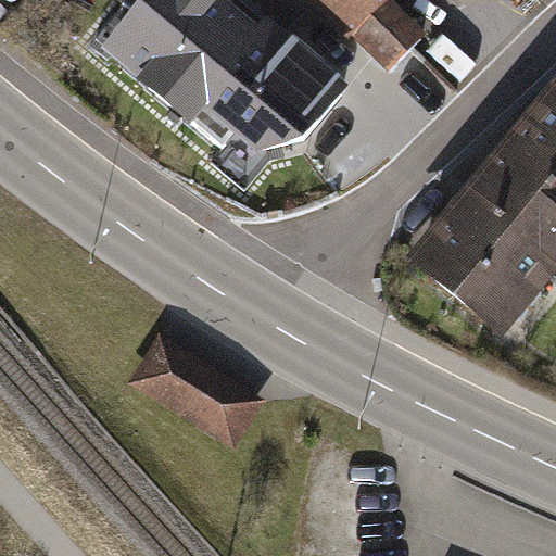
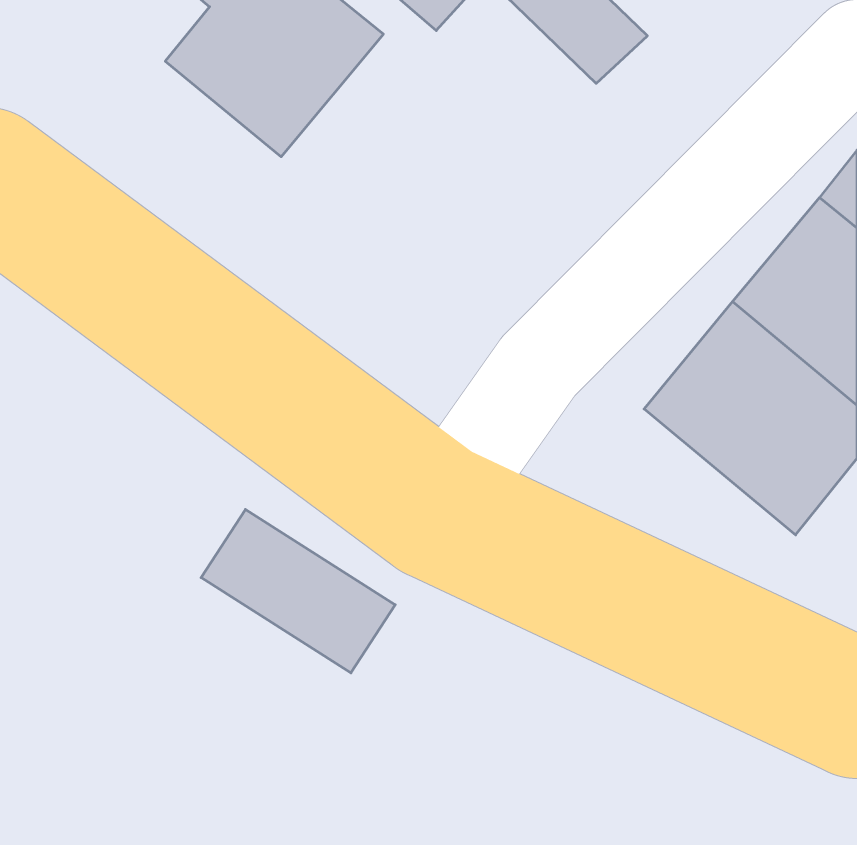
building: [179,22,336,137] -> none

